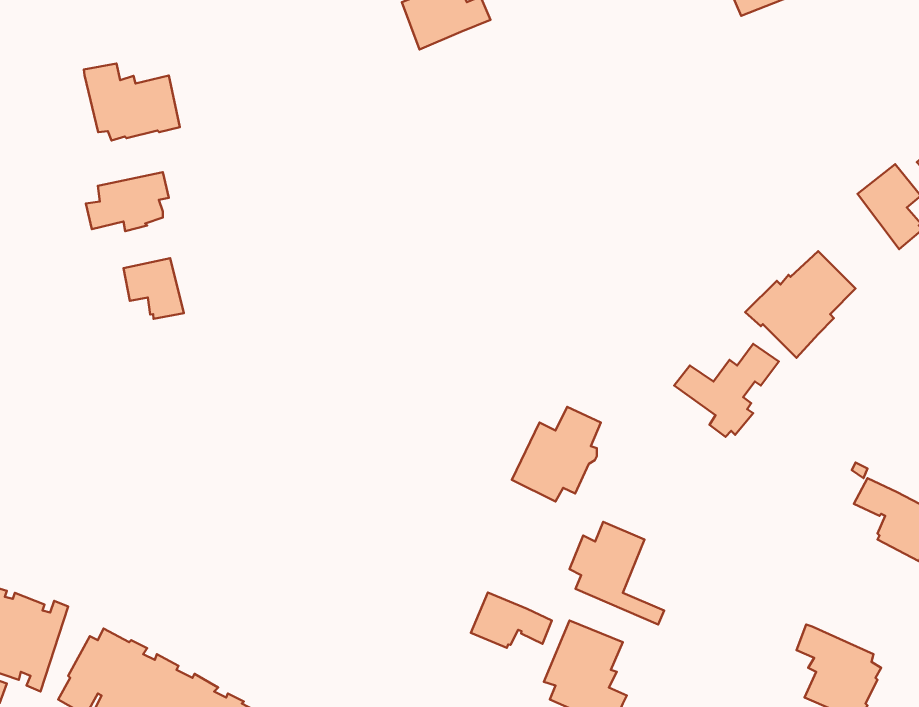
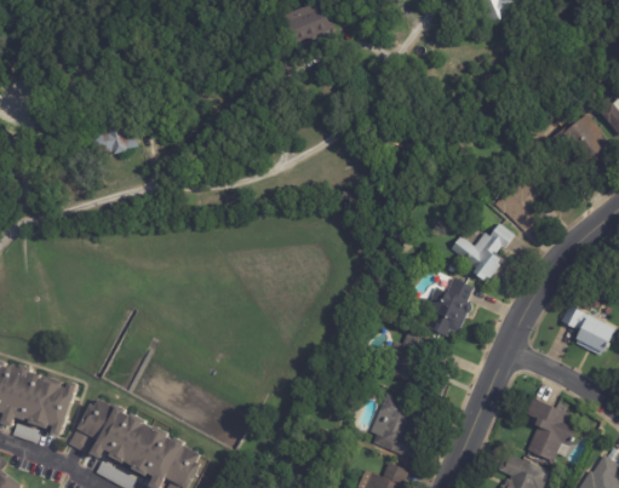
building: [84,64,180,141] -> none
building: [123,258,184,319] -> none
building: [512,407,601,502] -> [418,279,472,337]
building: [471,592,552,648] -> none

